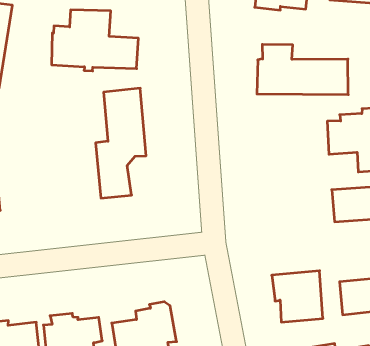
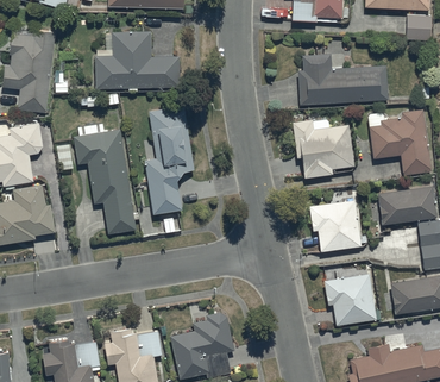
building: none -> [74,124,136,236]
building: none -> [291,118,354,179]
building: none -> [309,201,365,252]

